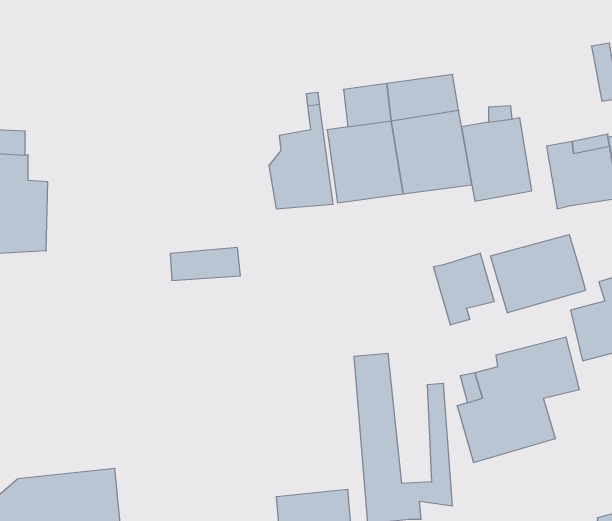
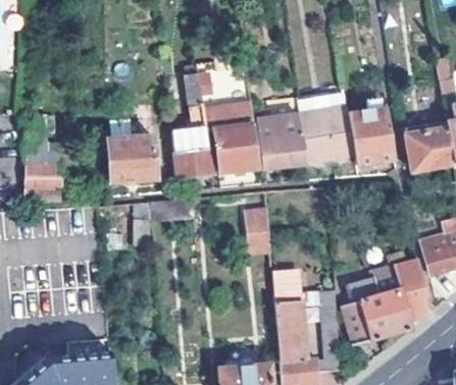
building: none -> [172,73,212,177]
building: none -> [111,135,156,182]
building: [490,235,586,313] -> none
building: [433,253,494,325] -> none
building: none -> [244,210,270,254]

